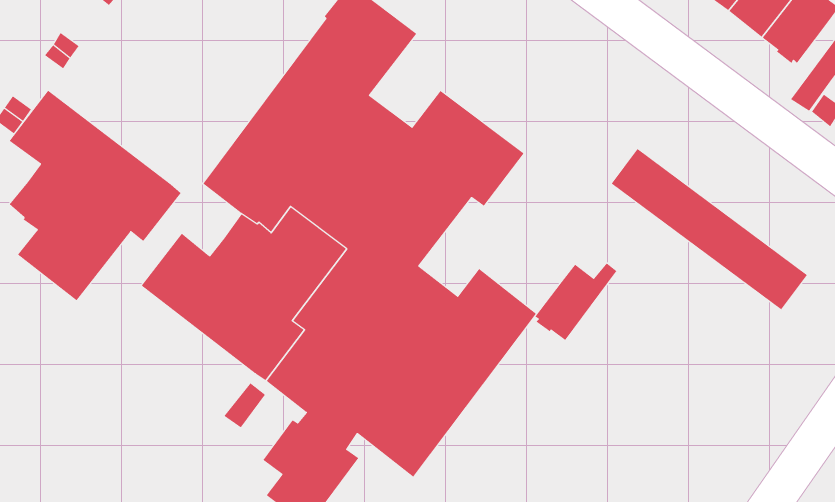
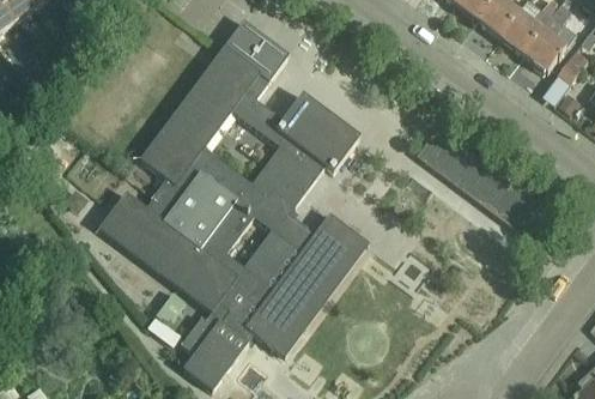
building: [9,90,181,301] -> none
building: [534,262,617,341] -> none

